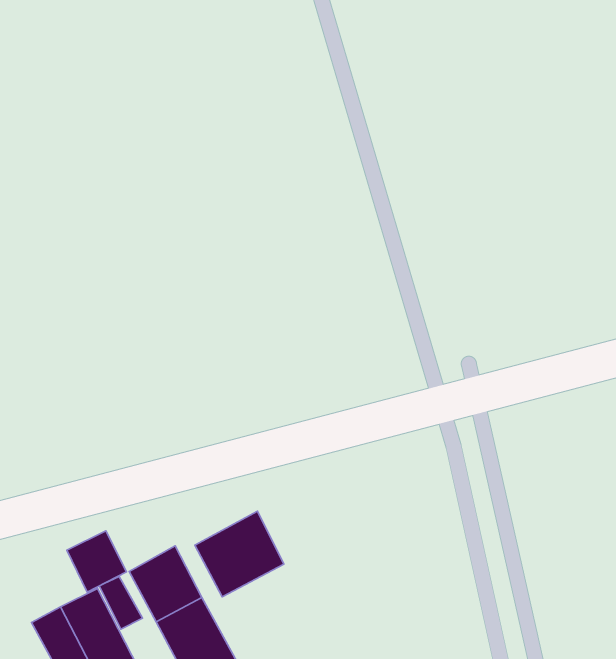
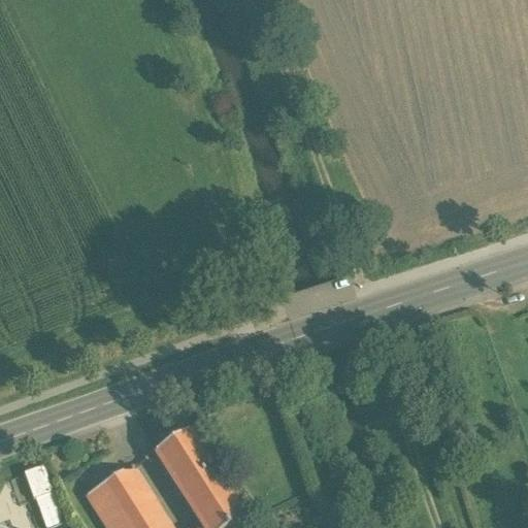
building: [195,511,284,597] -> none
building: [67,531,126,592] -> none

